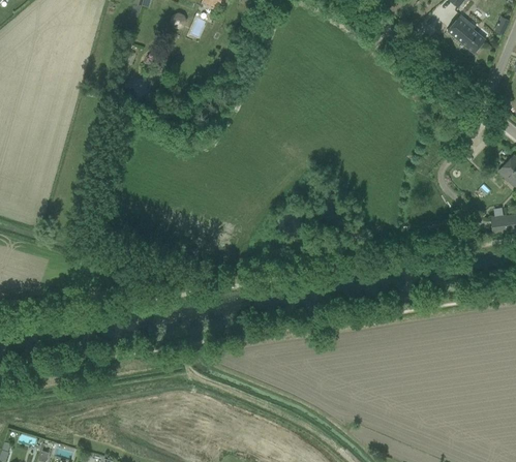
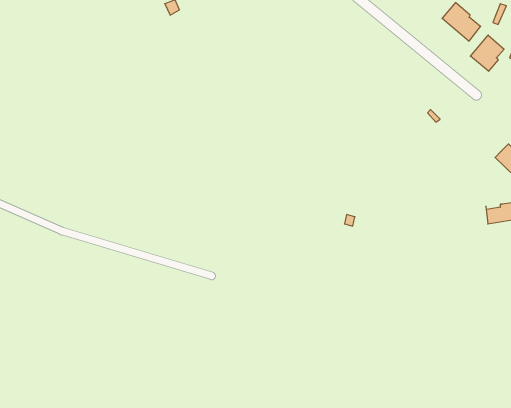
building: none -> [470,35,504,71]

